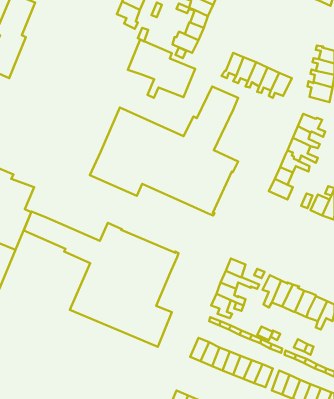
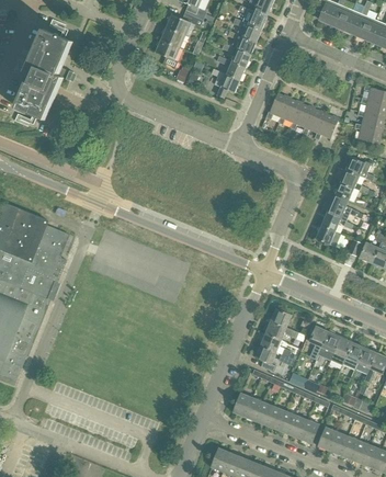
building: [128,40,195,98] -> none
building: [90,86,238,216] -> none
building: [24,211,178,347] -> none

